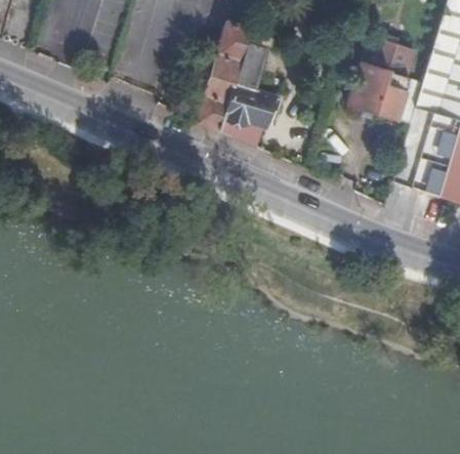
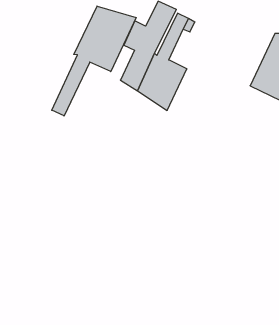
building: none -> [52,6,136,116]

